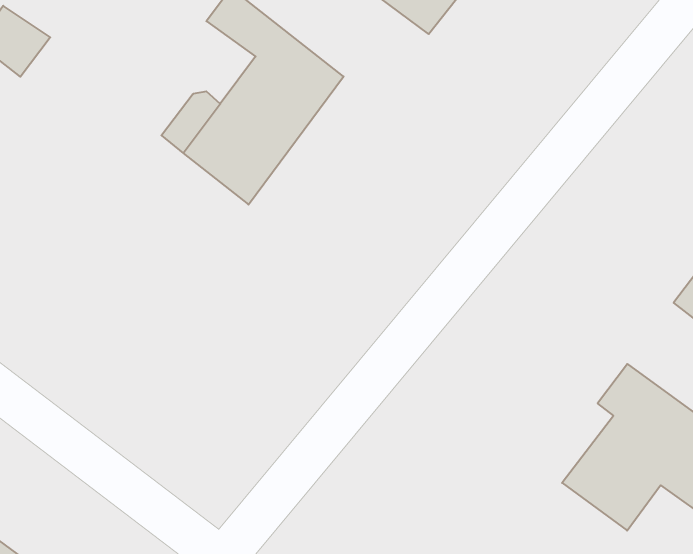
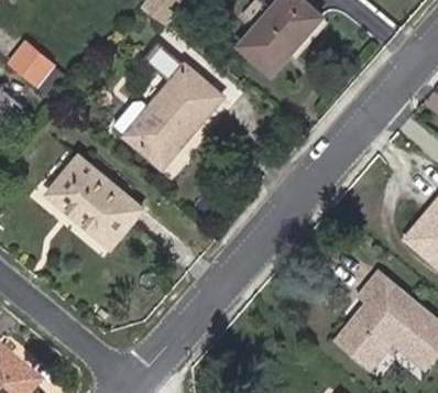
building: none -> [47,155,143,247]

